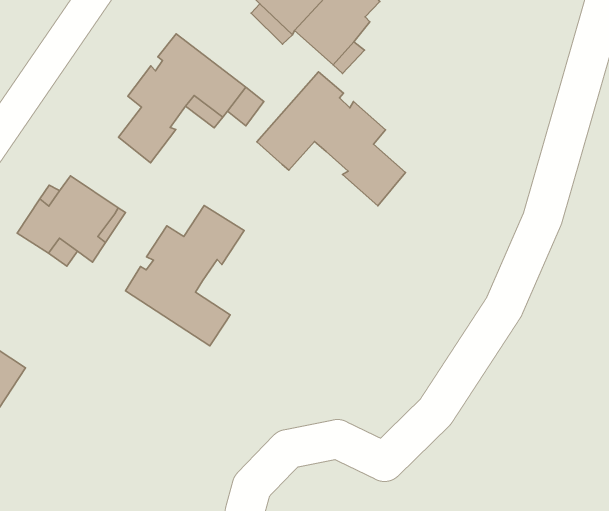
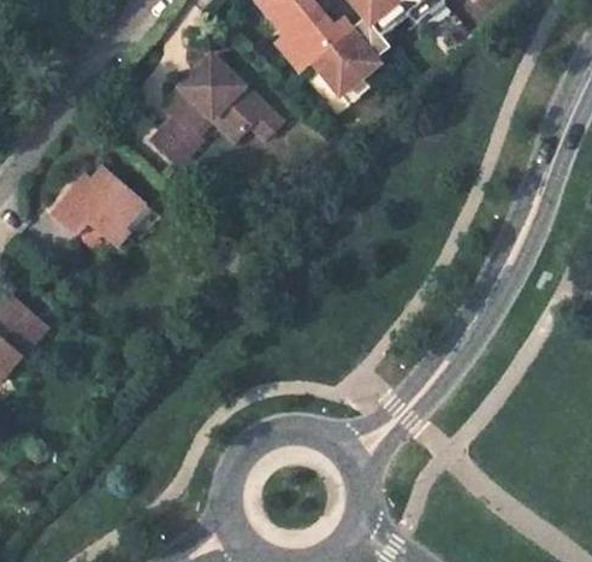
building: [257,72,406,206] -> none
building: [125,205,244,346] -> none

